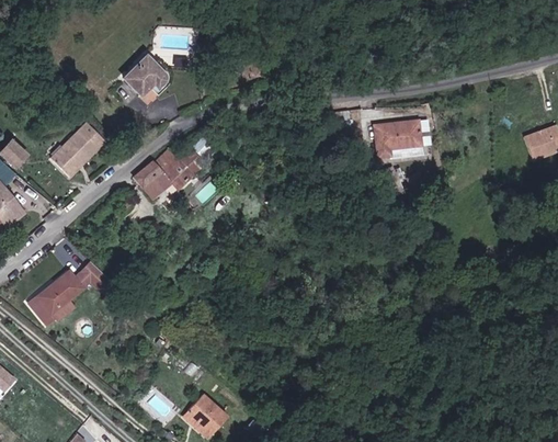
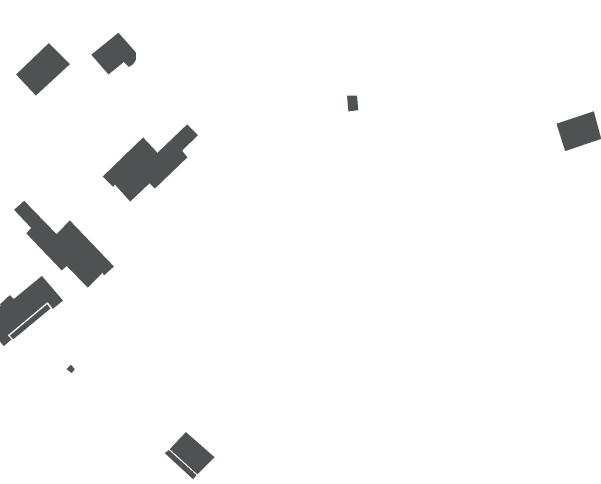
building: [376,120,421,155] -> none
building: [55,127,102,173] -> [15,42,71,97]
building: none -> [13,200,115,289]

